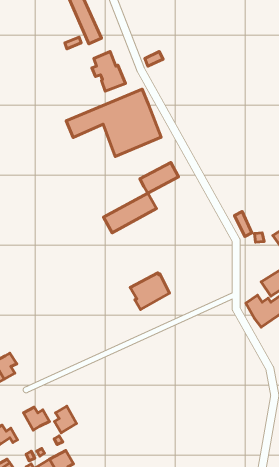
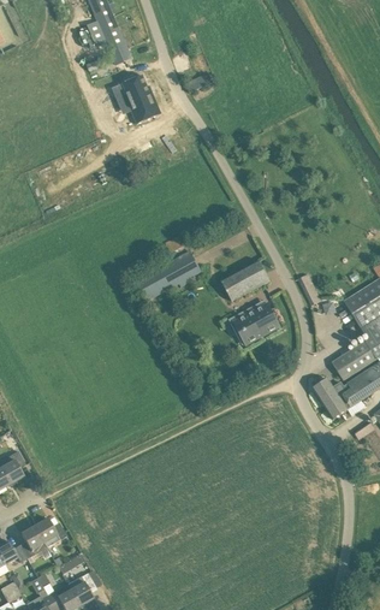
building: [66,89,161,156] -> none
building: [140,162,178,193] -> [221,261,269,300]
building: [130,273,169,310] -> [232,303,281,349]
building: [54,406,77,433] -> [18,525,46,558]

